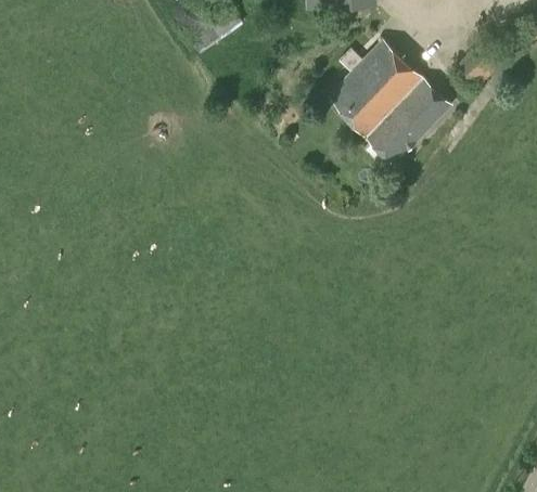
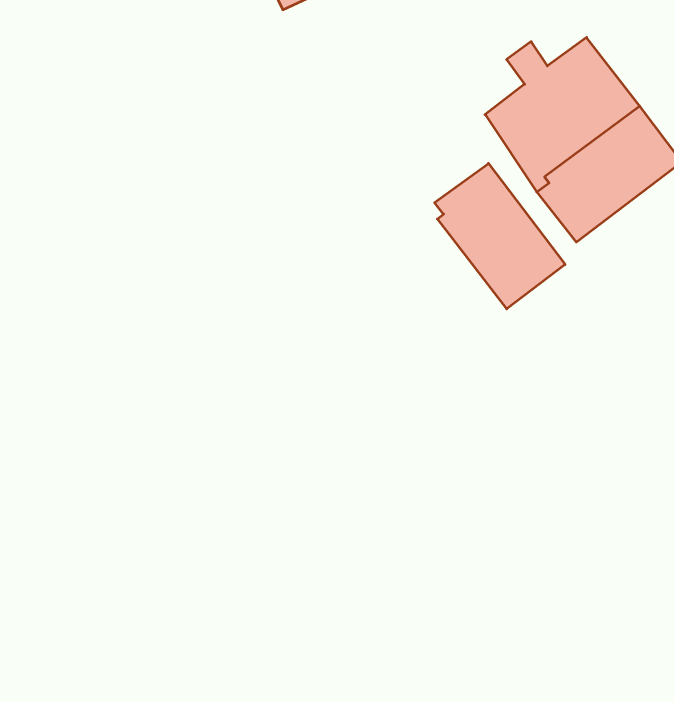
building: none -> [435,163,565,309]

